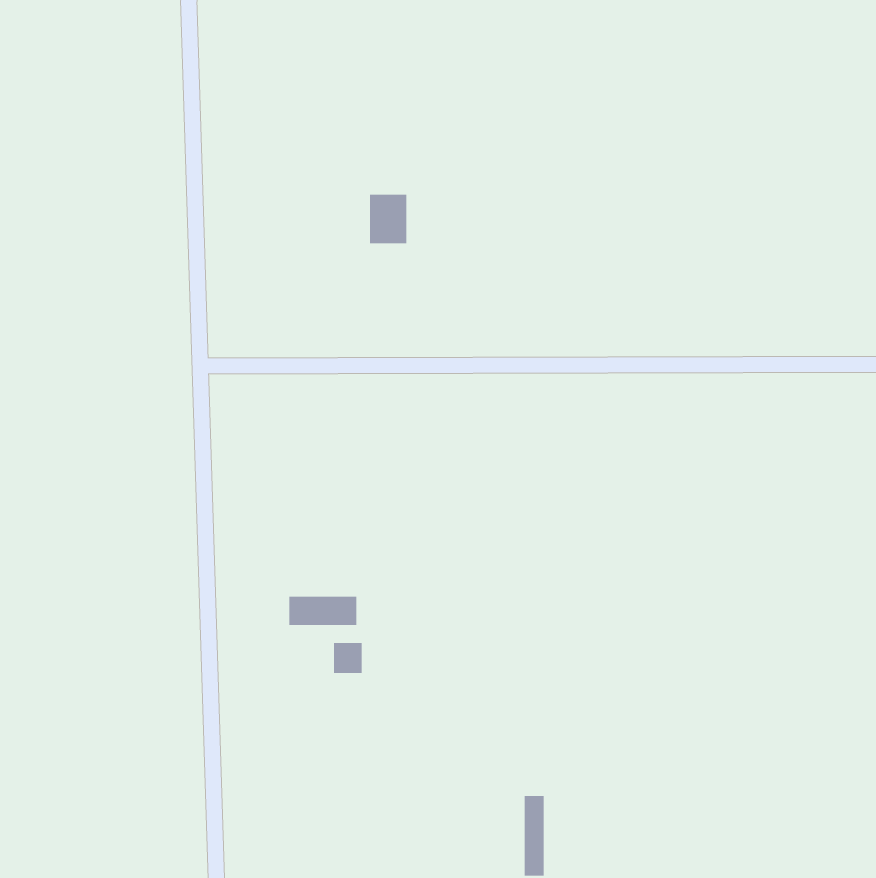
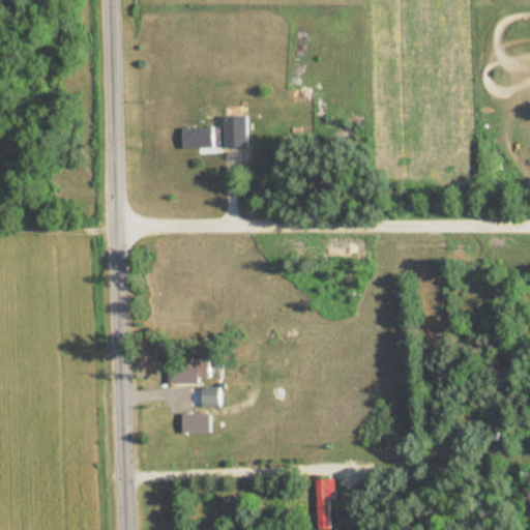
building: none -> [182,128,213,148]
building: none -> [182,413,211,433]

